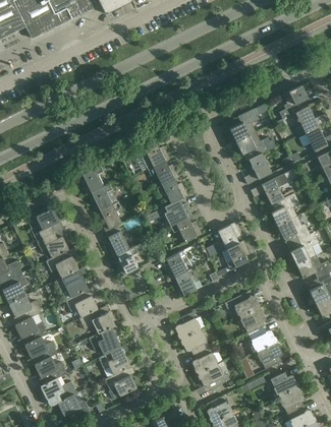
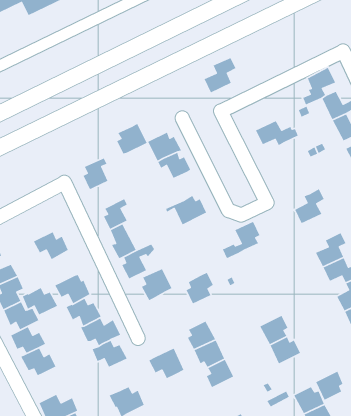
building: [229,109,259,141] -> [204,57,236,93]
building: [243,152,272,185] -> none
building: [250,174,293,204] -> none
building: [156,179,187,204] -> none
building: [90,184,118,212] -> [116,123,148,154]
building: [31,207,59,241] -> none
building: [277,217,309,240] -> none
building: [170,218,202,242] -> none
building: [221,241,250,270] -> none
building: [46,249,78,278] -> [22,284,58,315]
building: [164,250,192,280] -> [141,268,173,301]
building: [224,292,260,317] -> none
building: [257,342,282,369] -> [315,370,343,401]
building: [98,347,130,375] -> [148,348,185,379]
building: [35,357,67,386] -> none
building: [197,363,230,389] -> none

